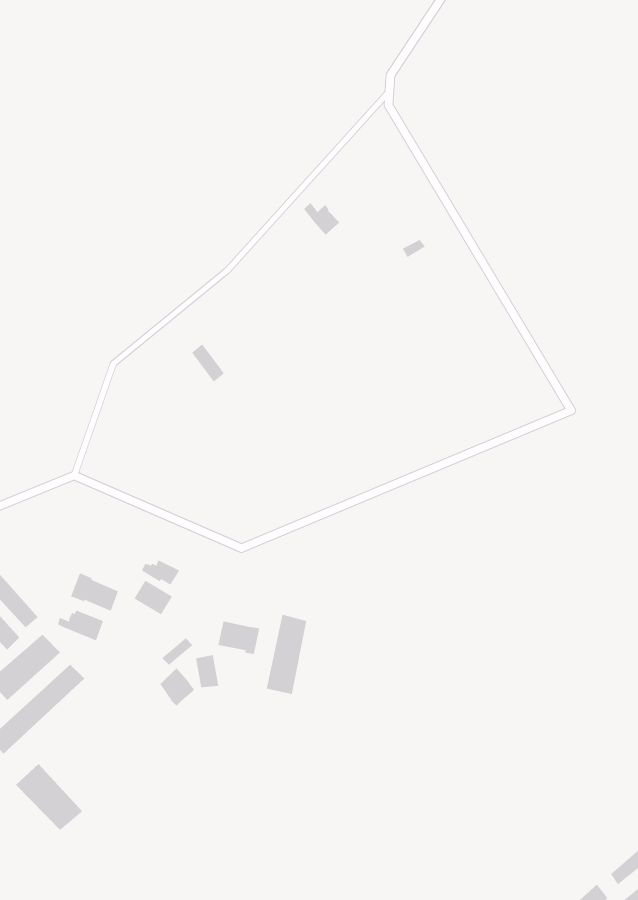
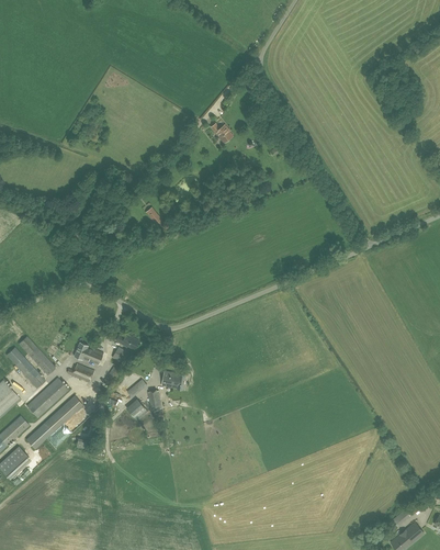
building: [266,614,307,695] -> none
building: [15,763,83,831] -> none

